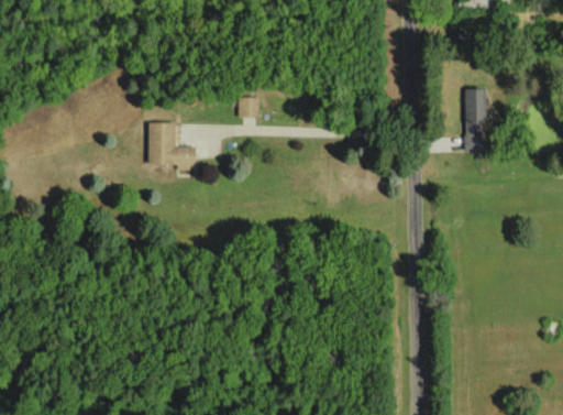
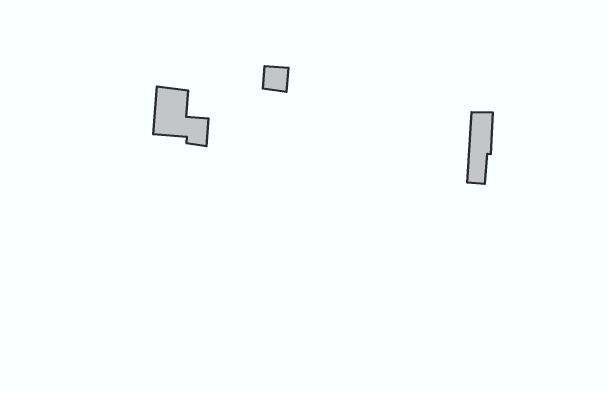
building: [465,88,485,151] -> [467,112,493,184]

